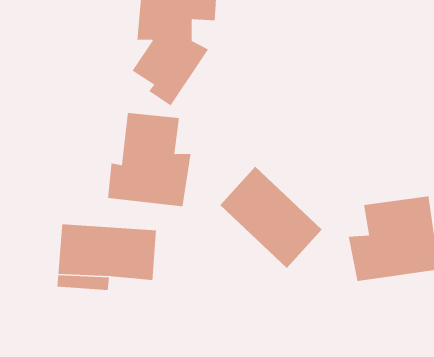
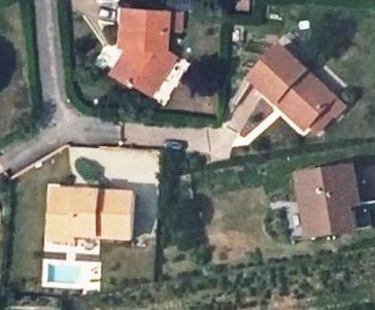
building: [107,112,191,207] -> none
building: [219,166,323,269] -> [252,48,336,132]

